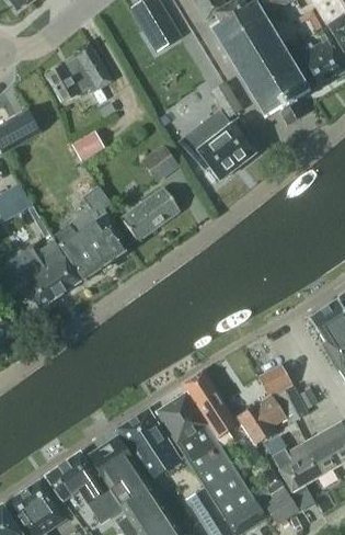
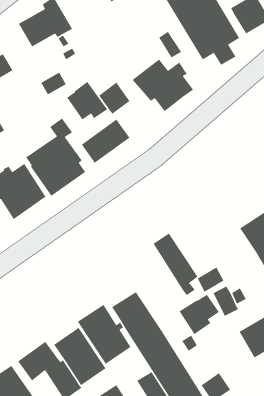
building: none -> [66,81,108,120]
building: [182,371,237,446] -> [152,233,199,296]
building: [267,440,325,491] -> none

